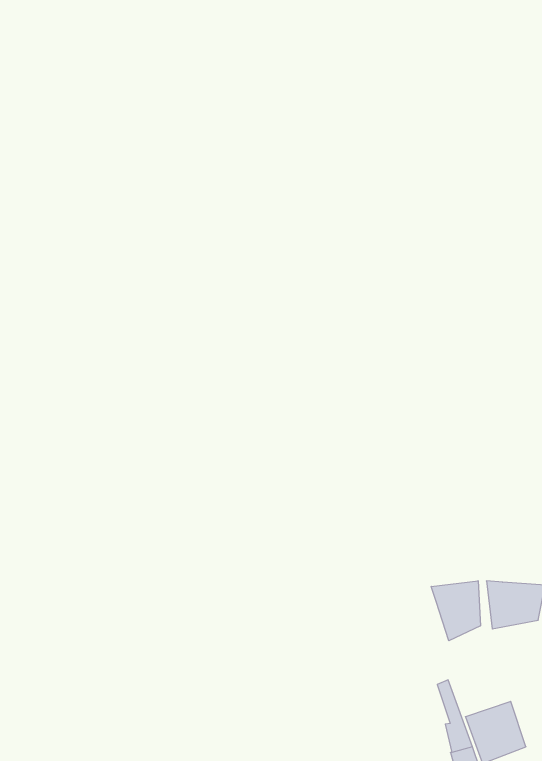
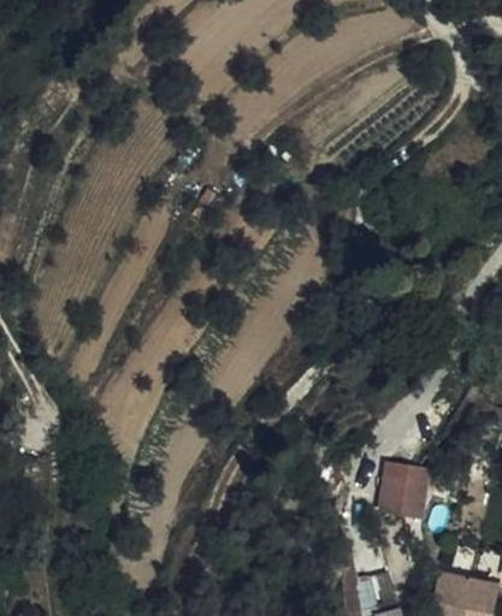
building: [431,581,480,641] -> none

